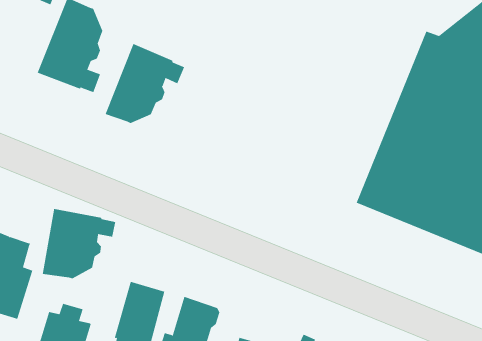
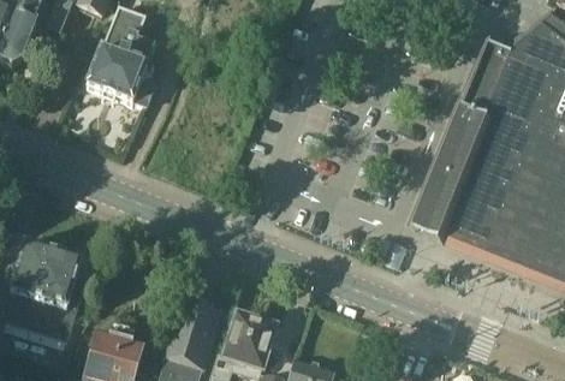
building: [105,43,185,124] -> none
building: [42,208,116,279] -> none

